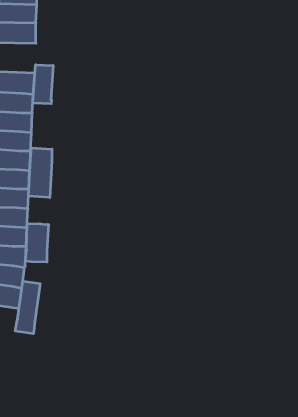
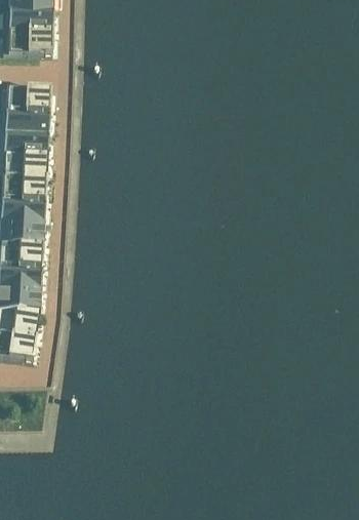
building: [33,65,53,104] -> none
building: [28,148,52,198] -> none
building: [25,224,49,262] -> none
building: [15,281,40,334] -> none

